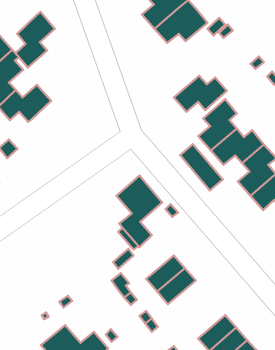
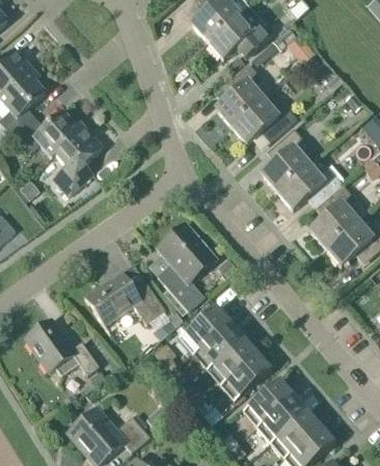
building: [15,12,55,67] -> [54,127,103,195]
building: none -> [216,63,264,127]
building: [180,144,223,191] -> none
building: none -> [85,273,166,327]
building: none -> [184,306,232,351]
building: none -> [26,321,99,376]
building: none -> [224,353,272,399]
building: none -> [247,379,295,424]

